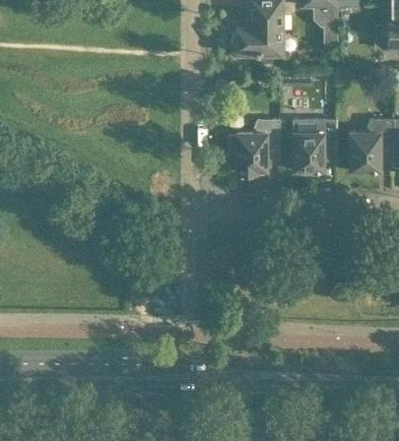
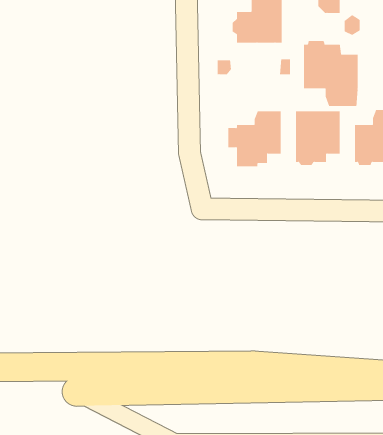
building: none -> [304,40,358,107]

